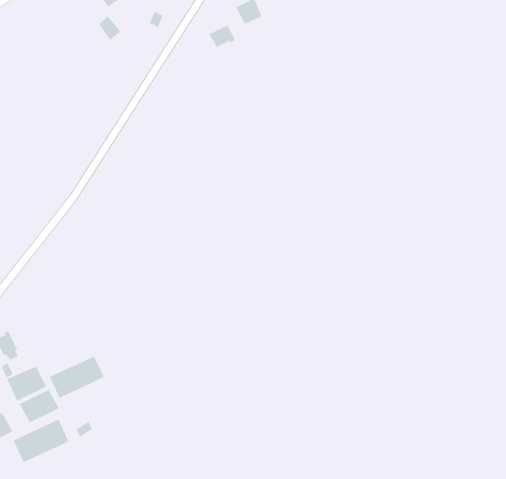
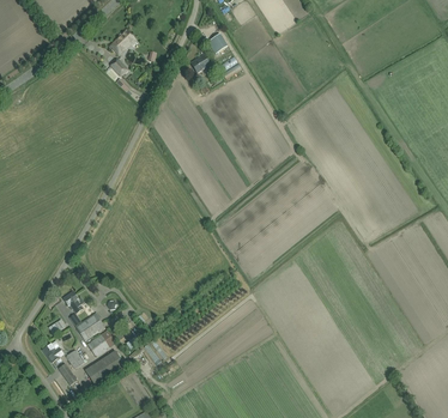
building: [49,355,105,399] -> none

